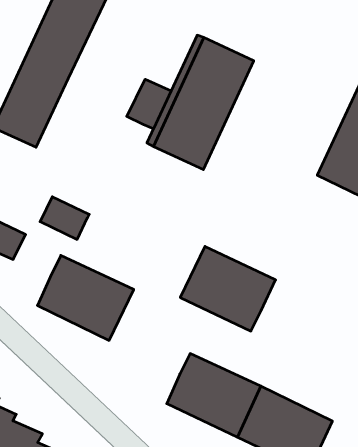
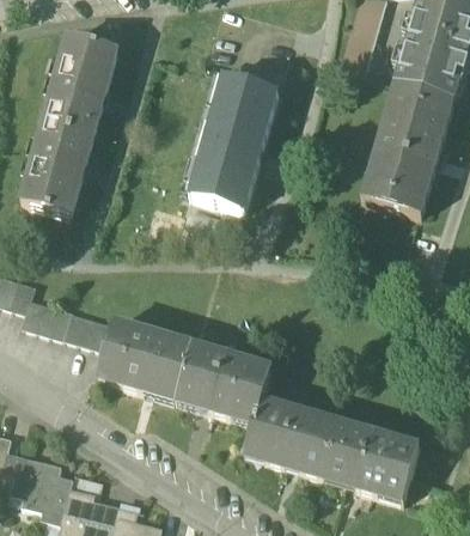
building: [127,79,171,129] -> none
building: [40,197,89,239] -> [65,306,114,346]
building: [180,246,276,331] -> [176,345,270,424]

